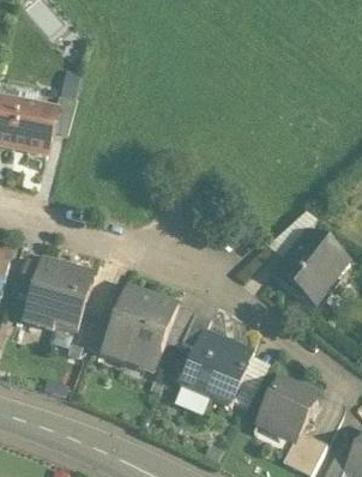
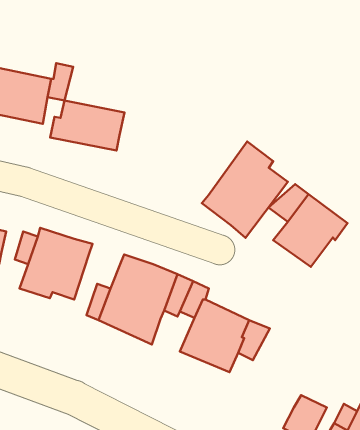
building: none -> [50,101,125,150]
building: none -> [202,142,288,238]
building: [257,376,316,439] -> none

